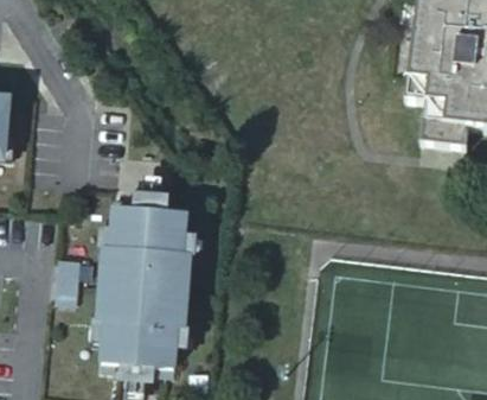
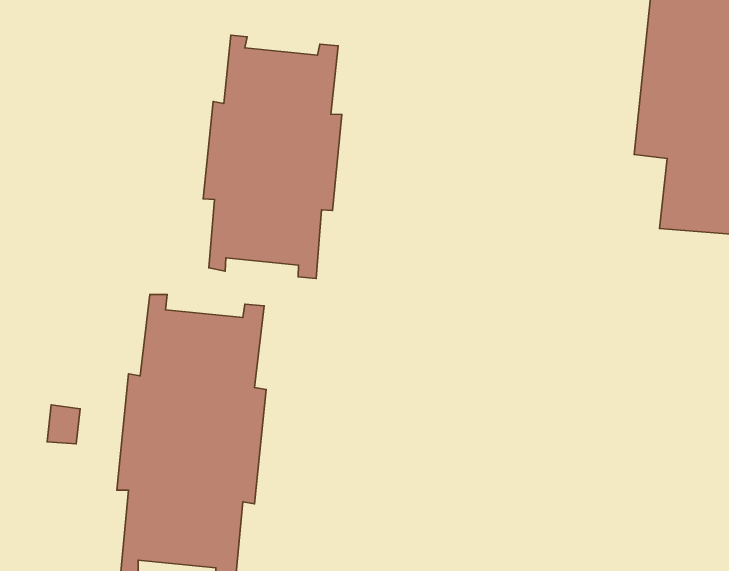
building: none -> [203,35,342,279]

